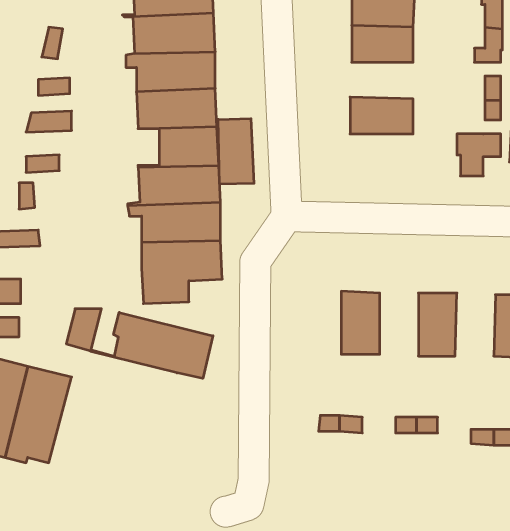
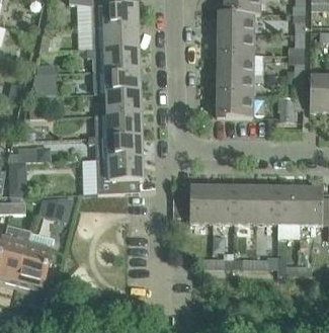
building: none -> [217,54,263,75]
building: [218,119,254,184] -> none
building: none -> [217,95,253,116]
building: none -> [189,186,212,223]
building: none -> [234,187,256,224]
building: none -> [277,187,301,224]
building: [91,312,213,378] -> none

